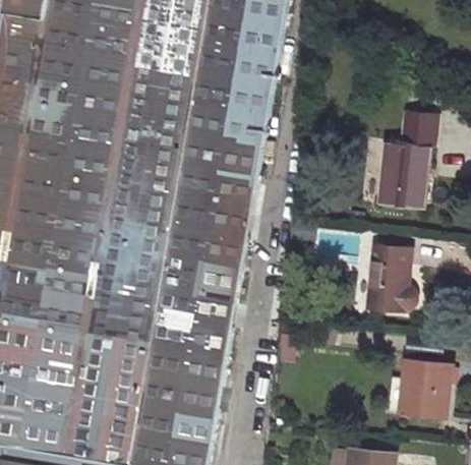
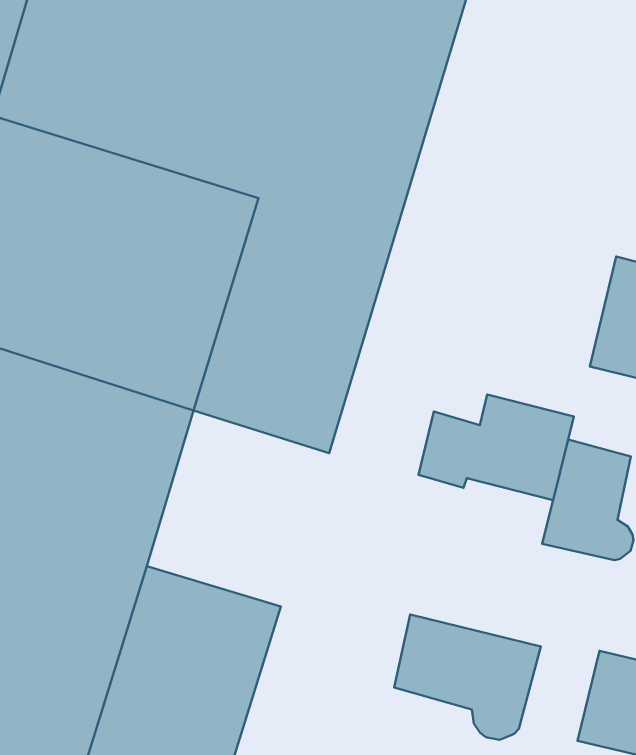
building: none -> [418,394,574,500]
building: [148,256,240,358] -> none
building: none -> [394,614,541,740]

